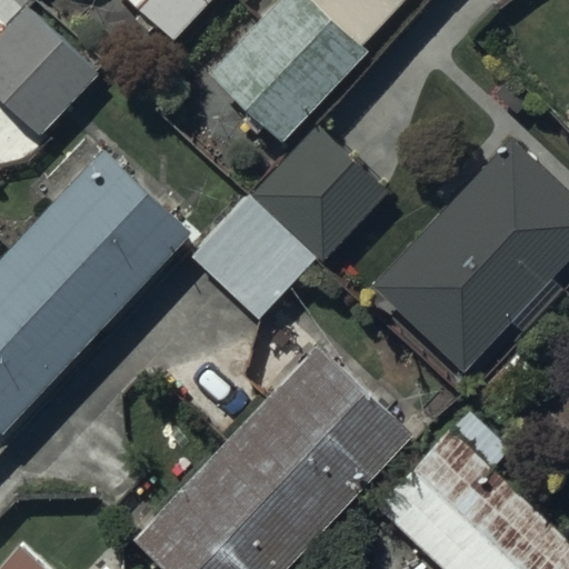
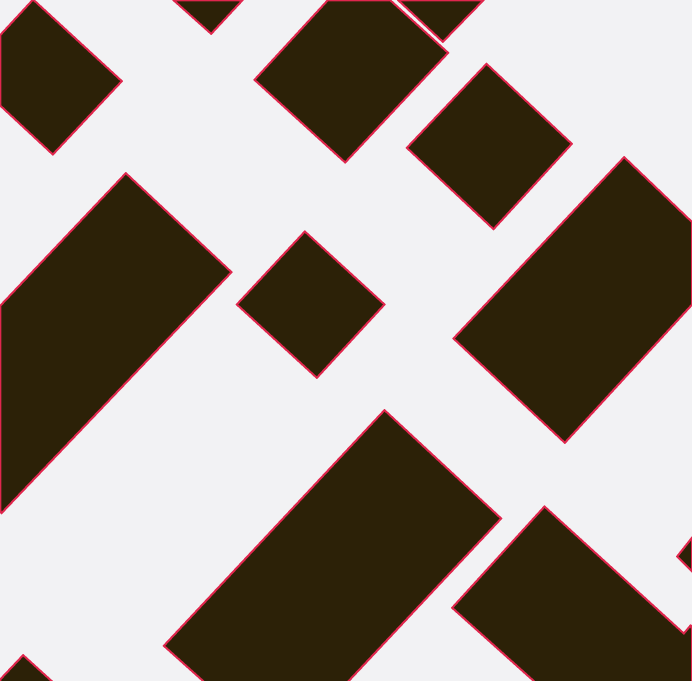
building: [252,128,388,263] -> [407,64,572,229]

